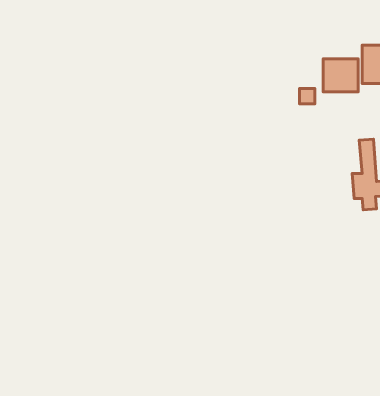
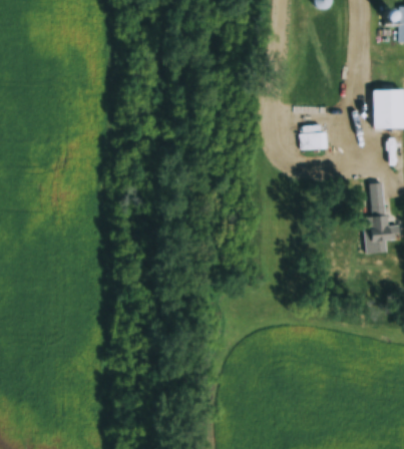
building: [323,59,358,92] -> none

